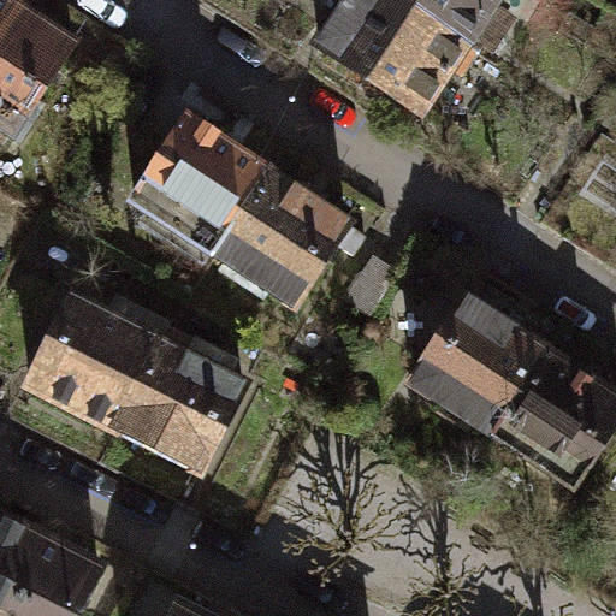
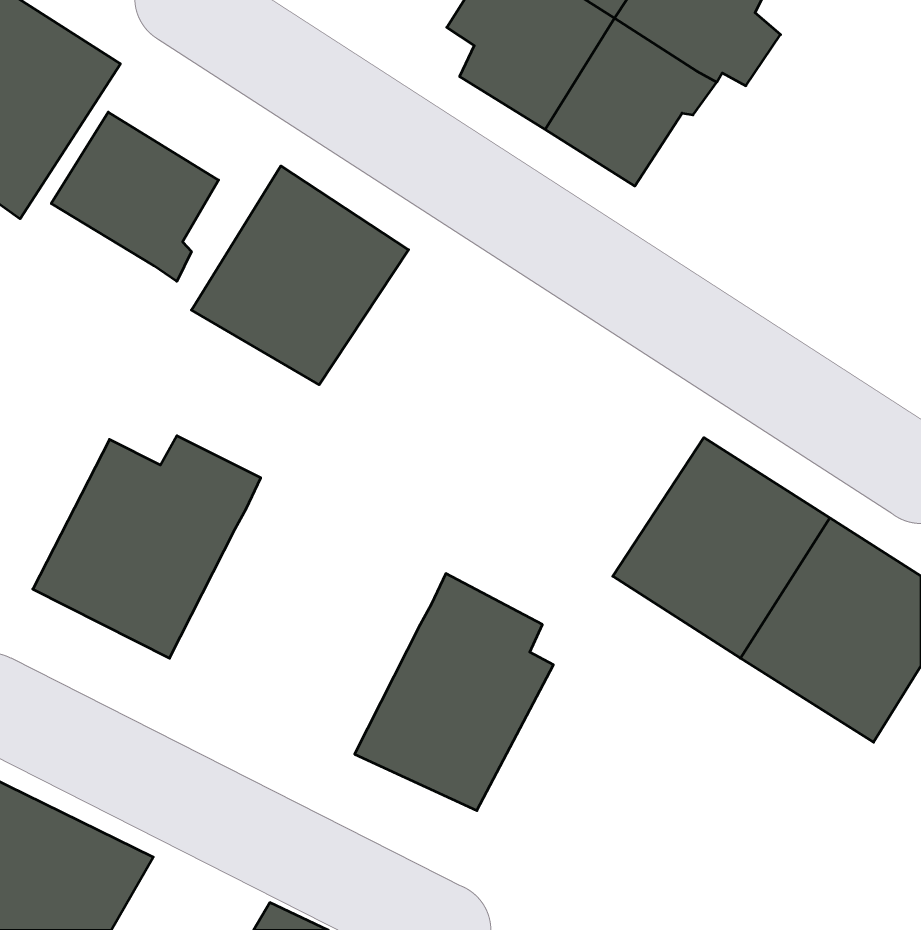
building: none -> [51,112,219,281]
building: [211,165,369,303] -> none
building: [112,315,243,472] -> [355,574,553,811]

